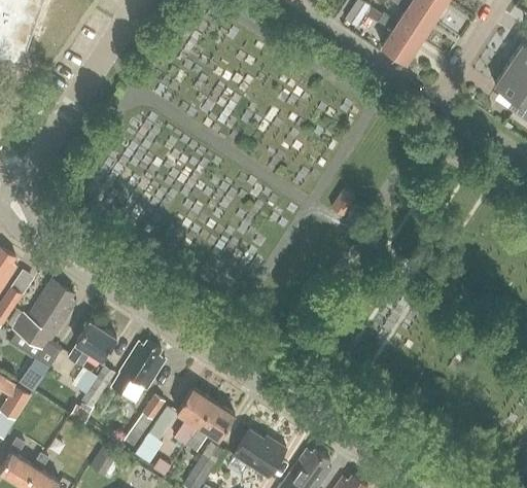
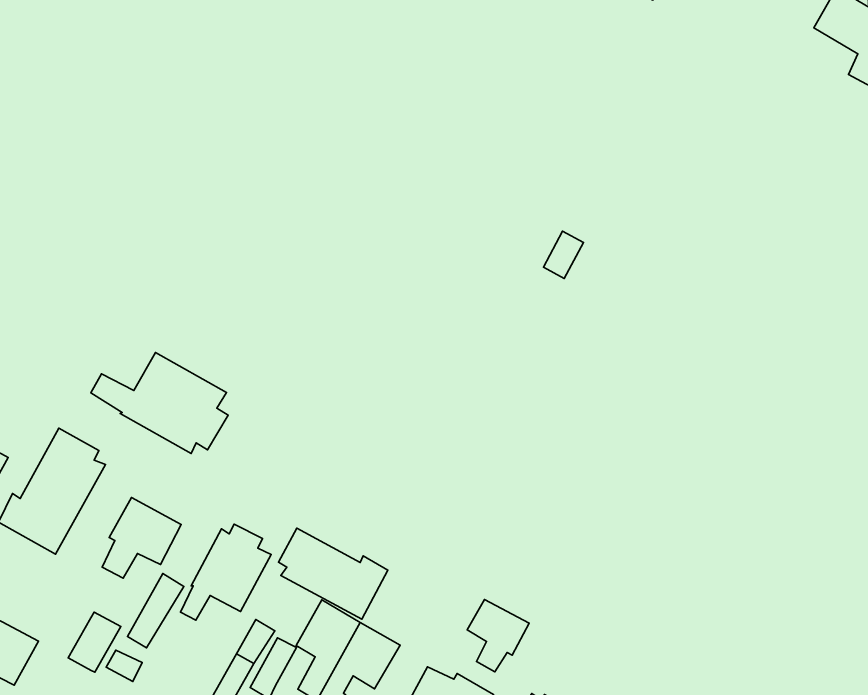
building: none -> [91,353,228,453]
building: none -> [279,528,388,619]
building: [19,358,49,392] -> [68,612,121,672]
building: none -> [467,599,529,672]

